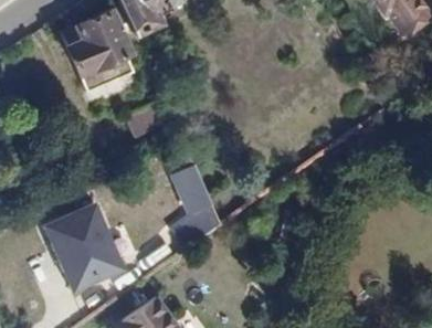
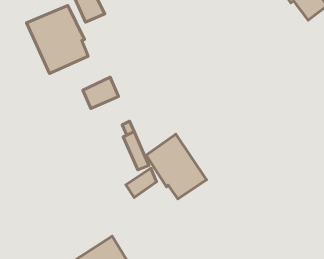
building: none -> [146,134,206,199]
building: [46,209,124,292] -> none

